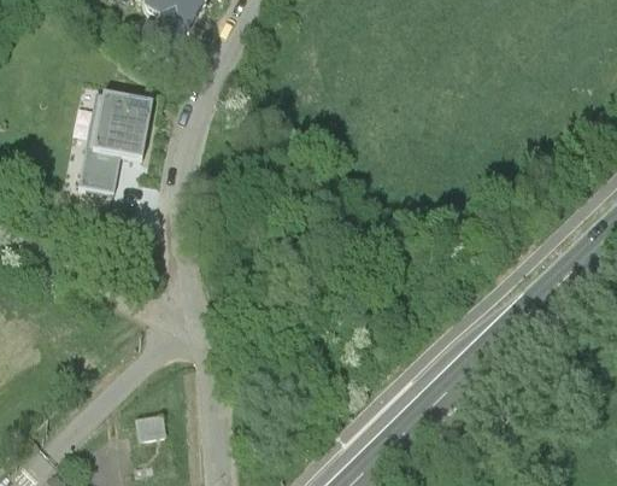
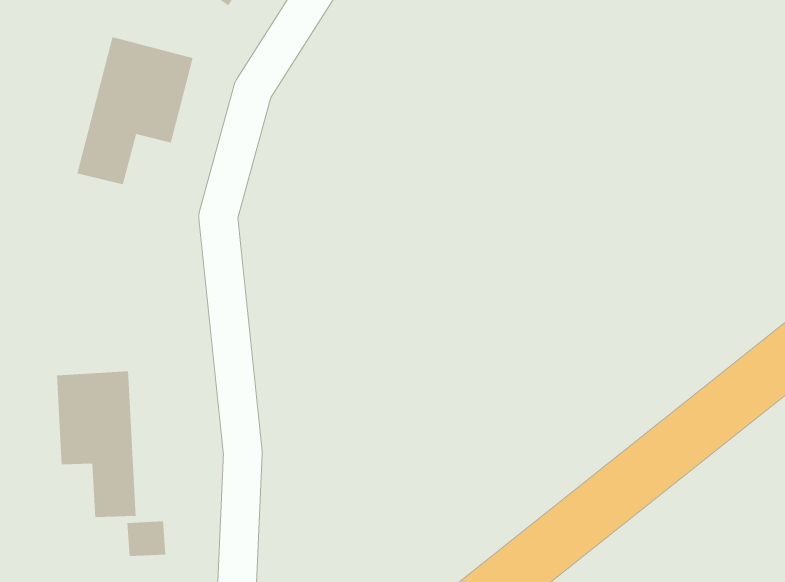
building: none -> [57,371,136,518]

